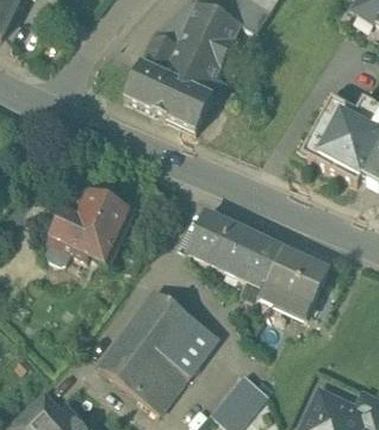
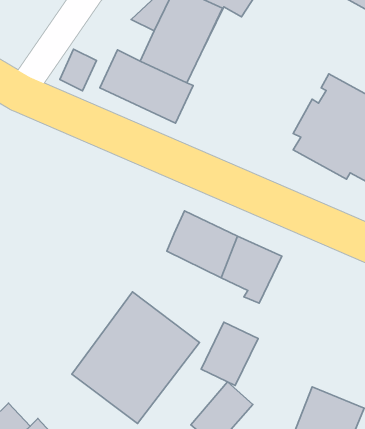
building: [142,32,176,71] -> [60,49,96,91]
building: [48,193,133,266] -> none
building: [275,255,329,314] -> [201,322,258,385]

